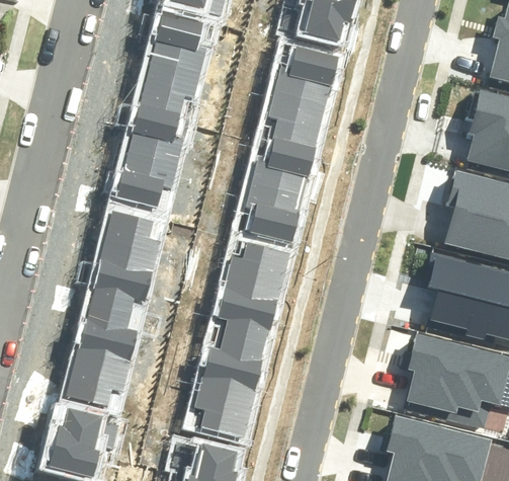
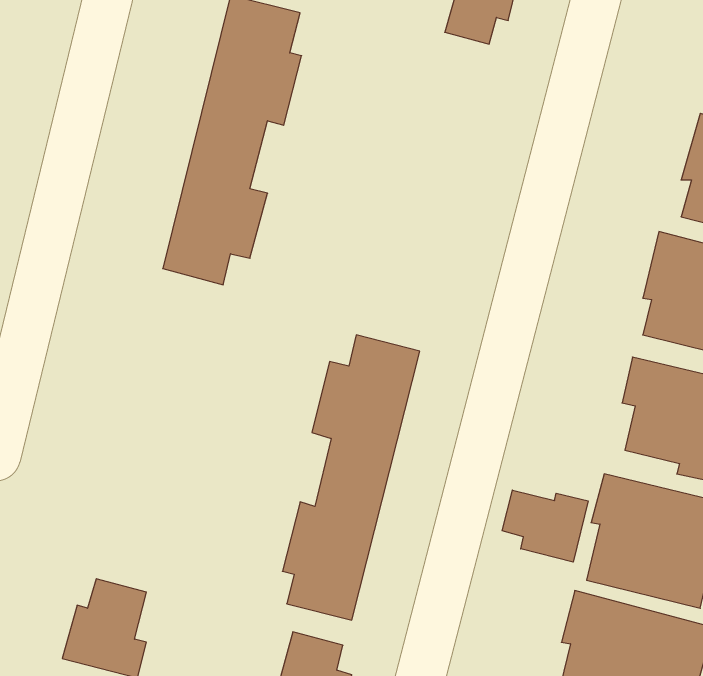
building: [245,45,339,240] -> none
building: [63,208,159,405] -> none
building: none -> [502,490,588,562]

